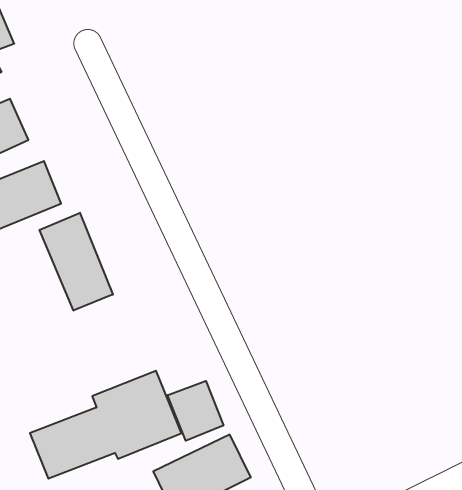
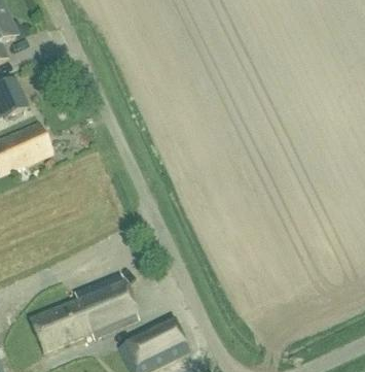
building: [40,213,113,311] -> none
building: [167,381,223,441] -> none

